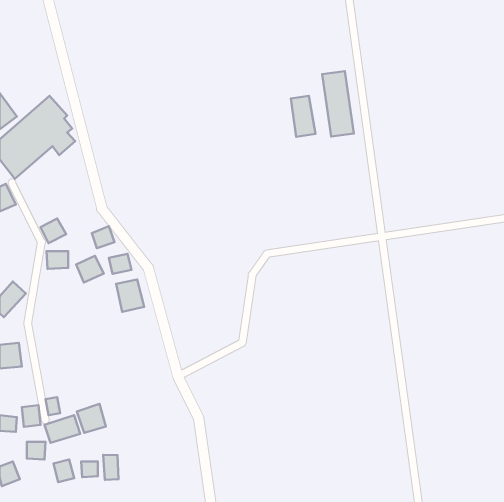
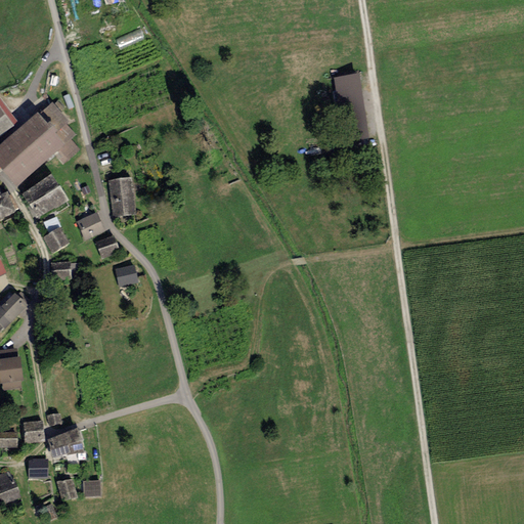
building: [291,96,315,137] -> none
building: none -> [23,177,67,218]
building: none -> [107,177,136,217]
building: [76,256,104,282] -> [76,212,104,239]
building: [116,280,144,312] -> none
building: [77,404,106,433] -> none
building: [103,455,119,480] -> none

